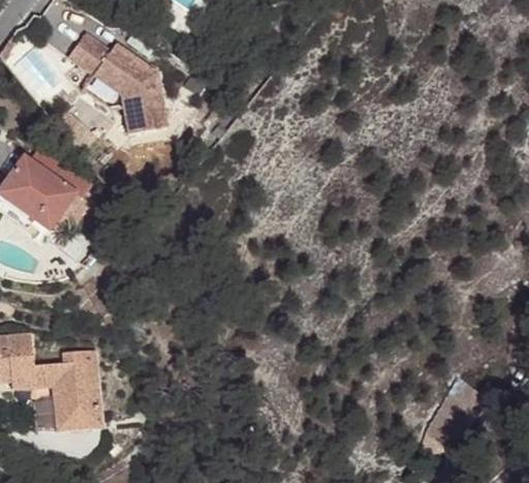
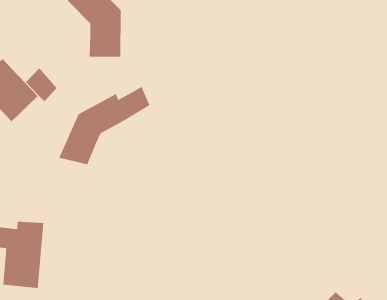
building: none -> [59,86,150,165]

